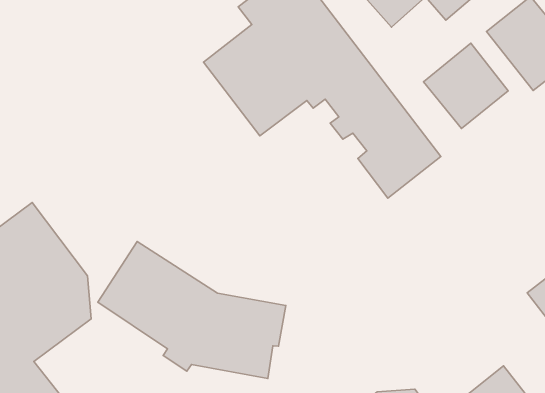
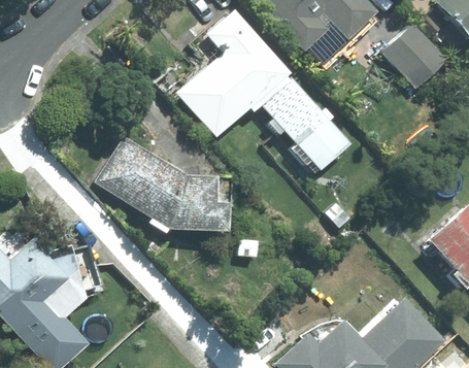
building: [424,43,508,128] -> none
building: [98,242,286,379] -> [96,139,236,234]

